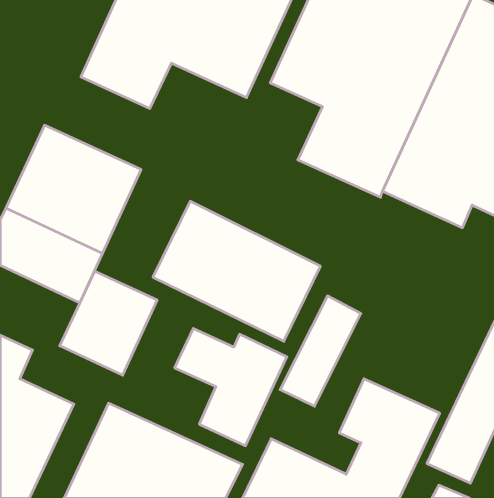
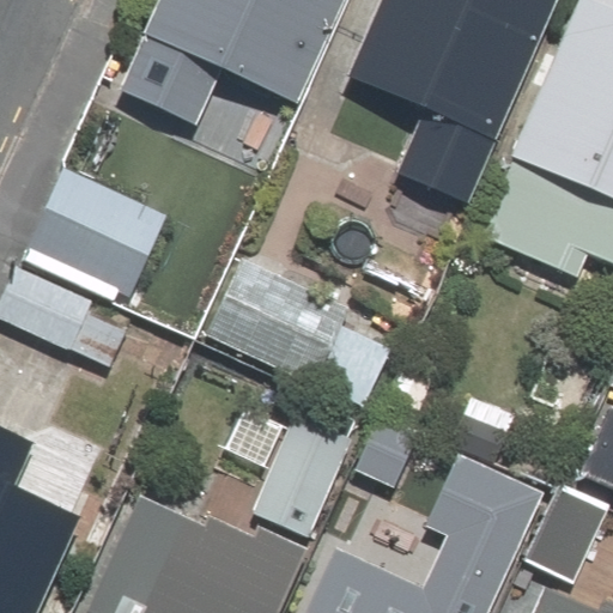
building: [60,271,157,375] -> none

